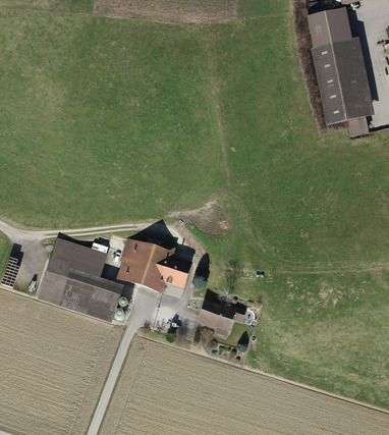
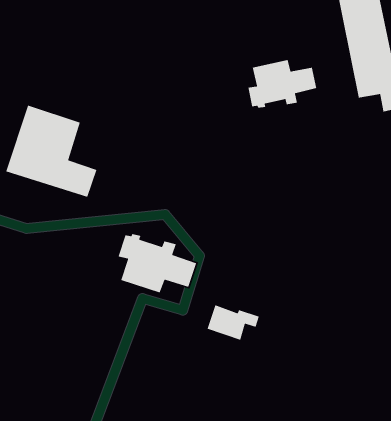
building: none -> [248,59,317,109]
building: [40,238,119,319] -> [5,104,97,198]

